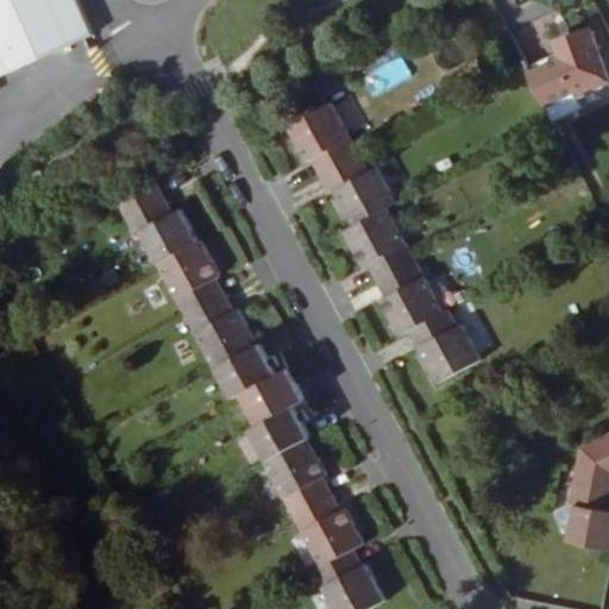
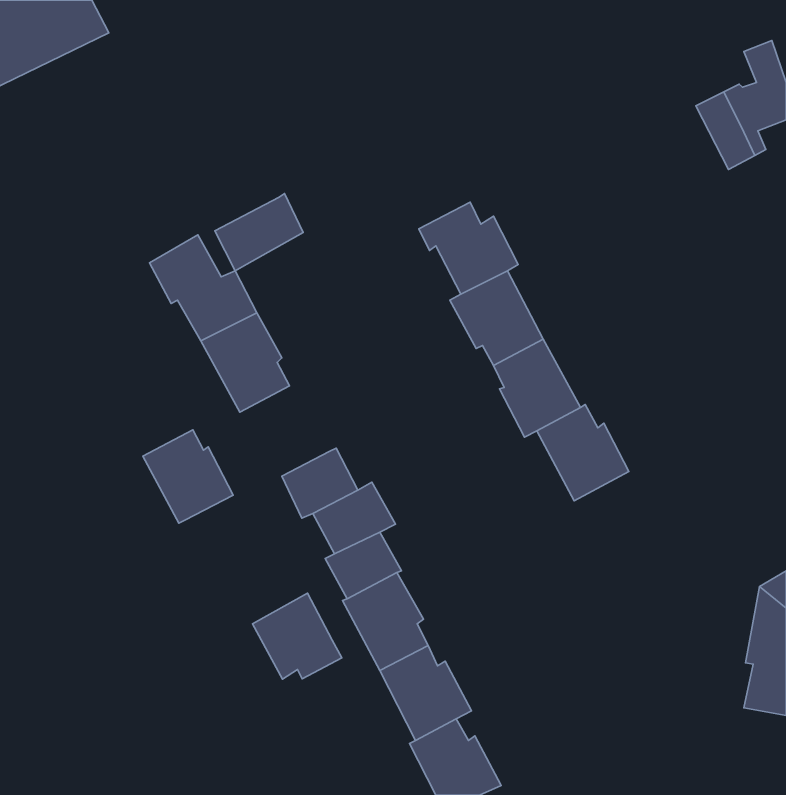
building: [287,102,359,175] -> none
building: none -> [215,193,303,271]
building: [183,295,252,366] -> [143,430,233,523]
building: none -> [252,593,342,679]

